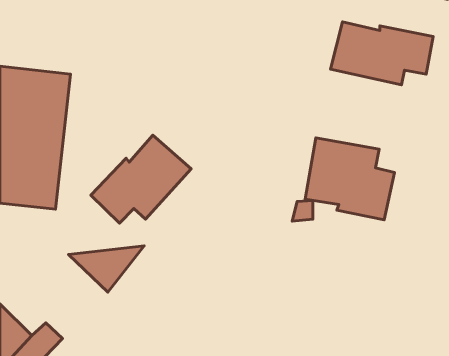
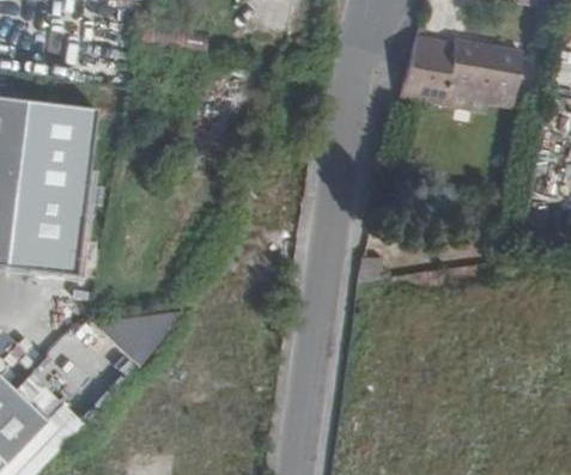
building: [91,135,191,223] -> none
building: [305,138,394,220] -> none

